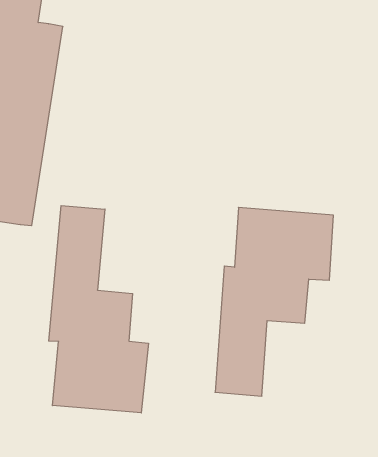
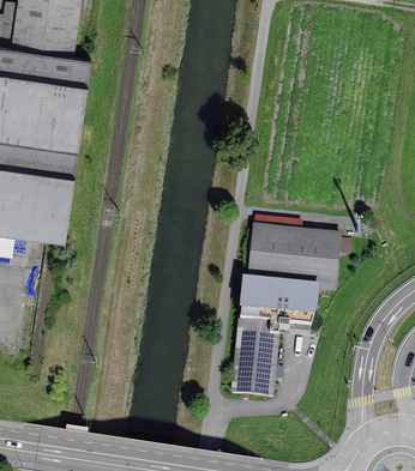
building: [49,206,148,413] -> none

